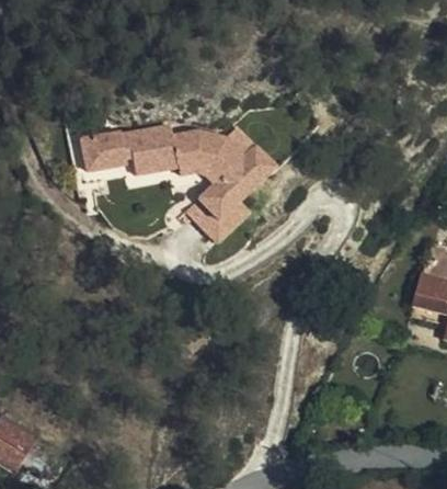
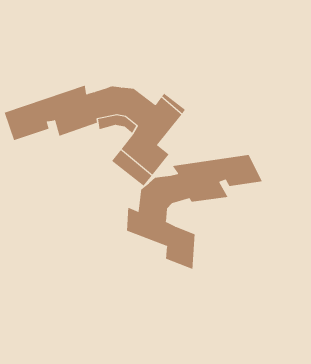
building: none -> [127,154,263,270]

